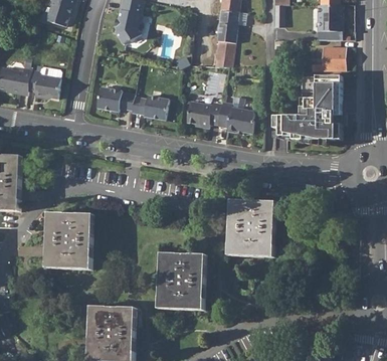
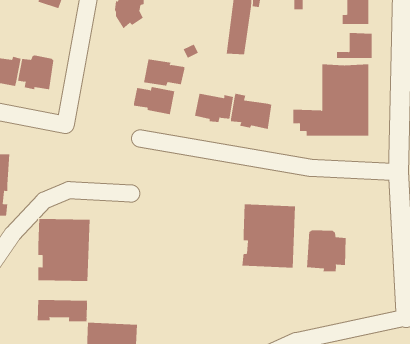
building: [98,86,135,111] -> [143,59,185,86]
building: none -> [306,229,346,272]
building: [158,252,206,309] -> none
building: none -> [37,299,88,322]

